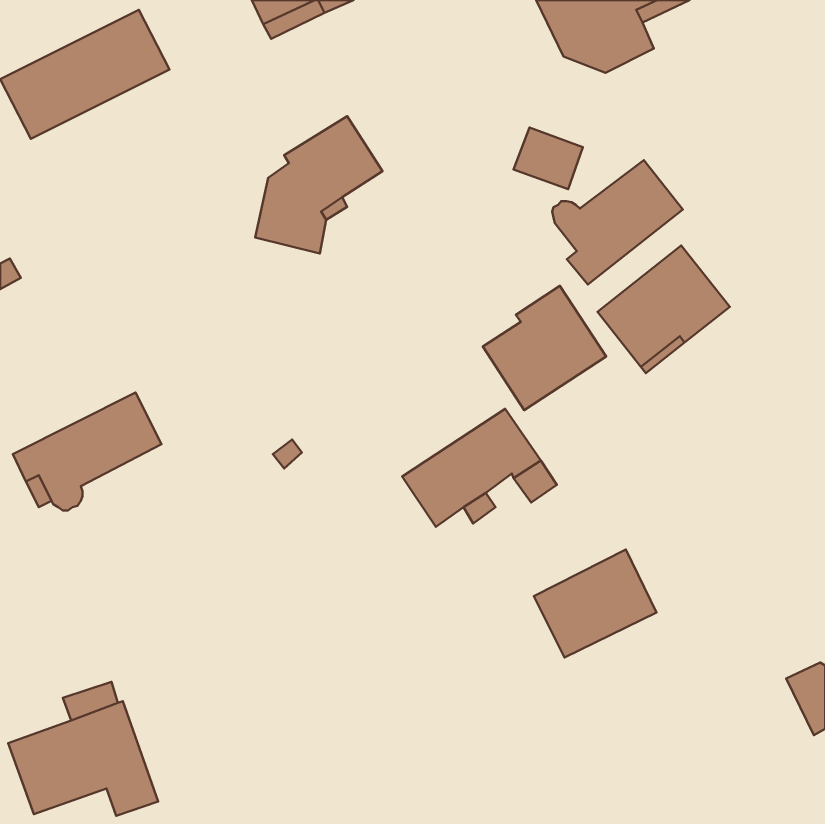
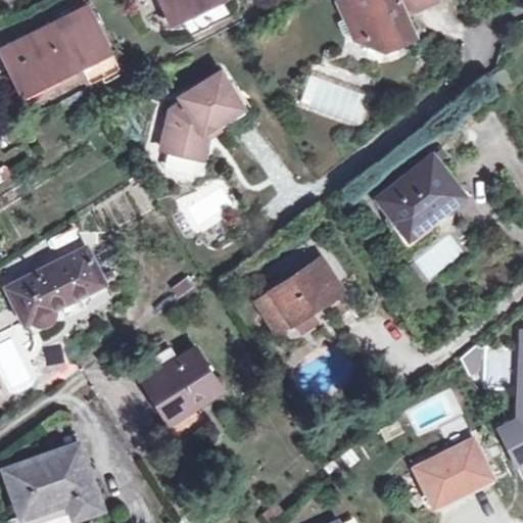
building: [552,160,683,285] -> none
building: [483,286,606,410] -> none
building: none -> [143,348,220,423]
building: [534,549,656,658] -> [414,438,491,507]

